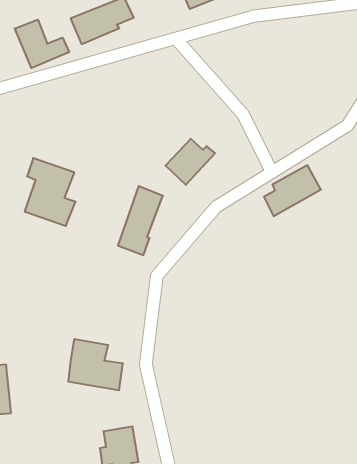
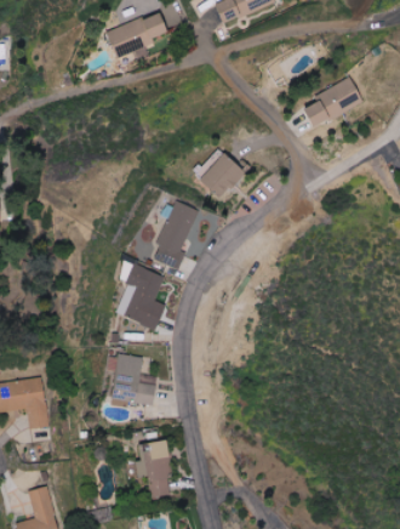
building: [15,20,69,68] -> none
building: [25,158,76,226] -> [115,261,166,329]
building: [264,165,321,216] -> [305,76,362,127]

